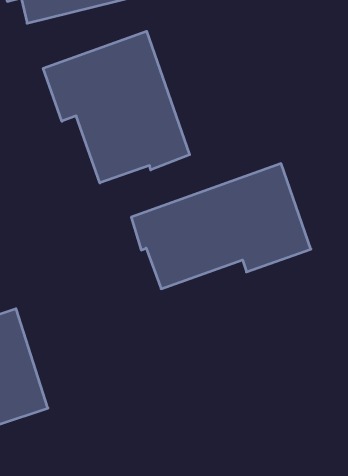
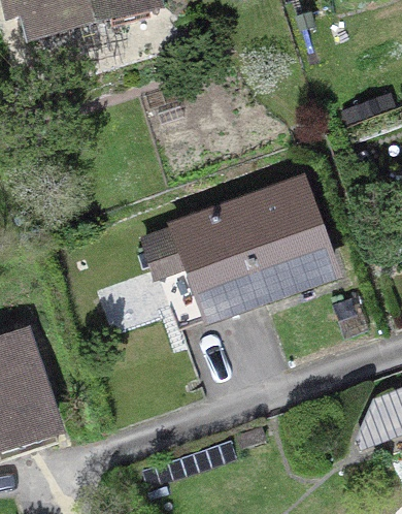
building: [43,31,190,183] -> none

